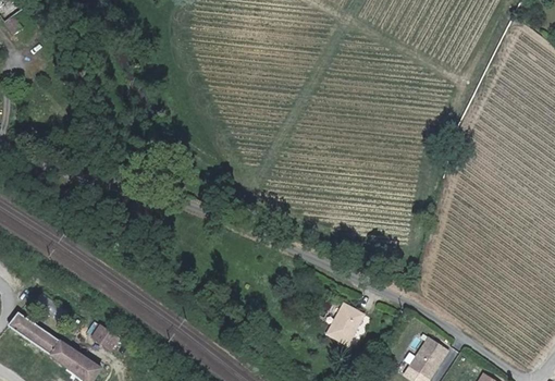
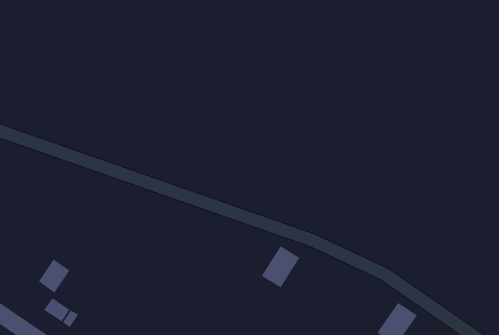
building: none -> [38,259,70,294]
building: [330,297,368,339] -> [261,246,300,288]

